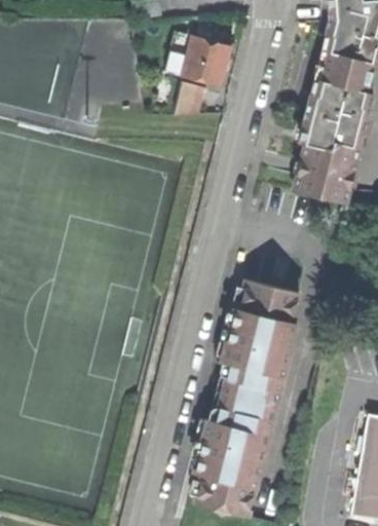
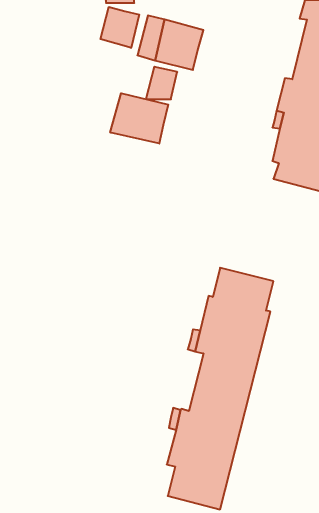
building: none -> [100,7,139,48]
building: none -> [110,93,168,144]

